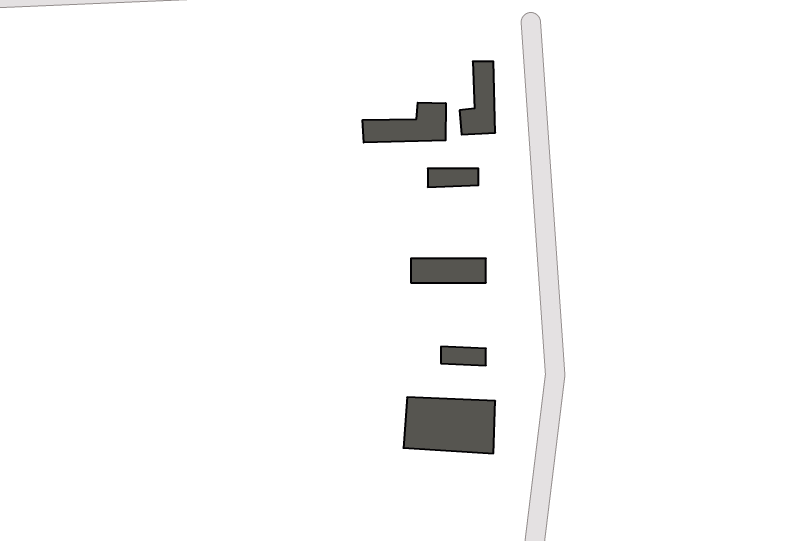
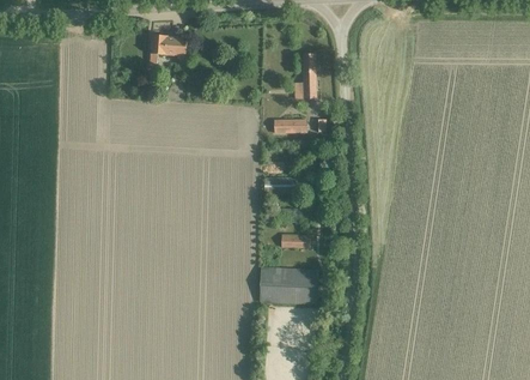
building: none -> [150,34,188,66]
building: [363,103,446,143] -> none

